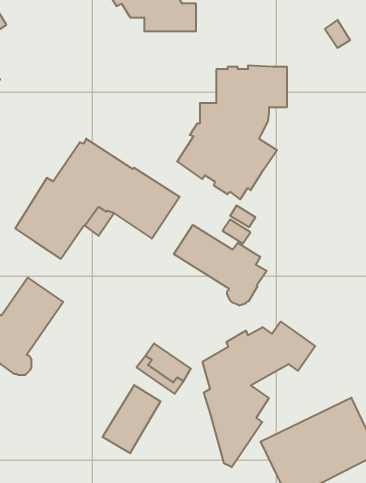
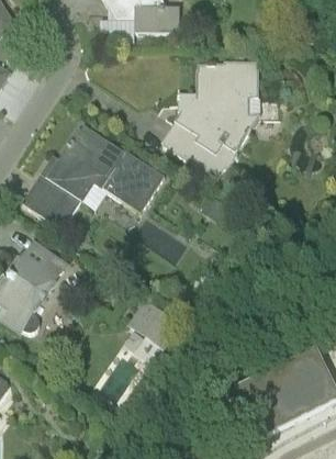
building: none -> [233,97,258,134]
building: [174,225,267,306] -> none
building: [203,322,315,467] -> none

